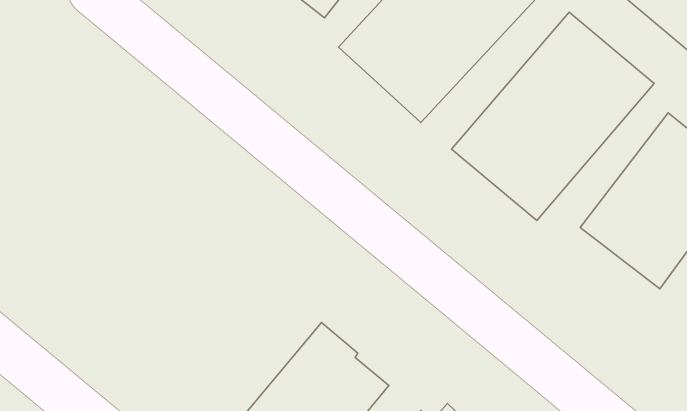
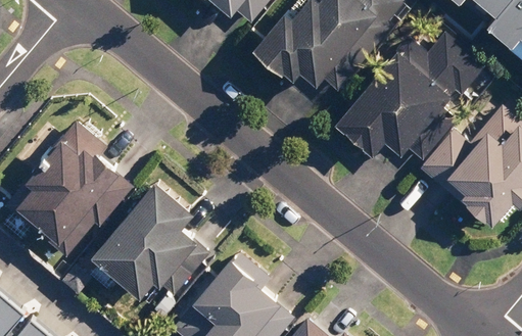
building: none -> [12,117,133,252]
building: none -> [106,171,210,290]

